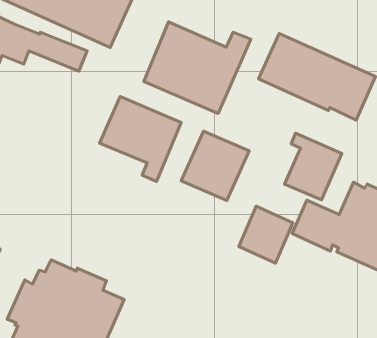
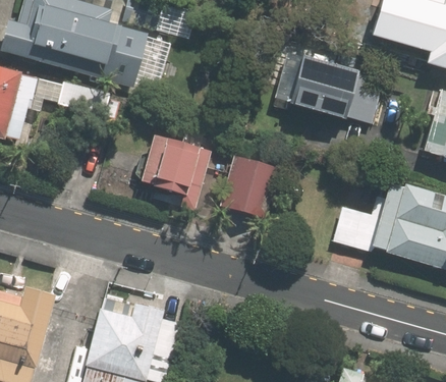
building: [144,22,251,114] -> none
building: [284,133,342,200] -> none
building: [239,206,293,263] -> none

